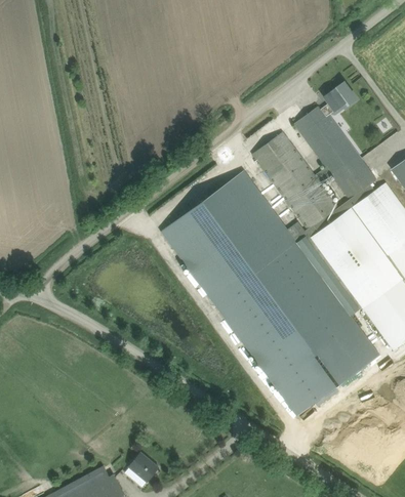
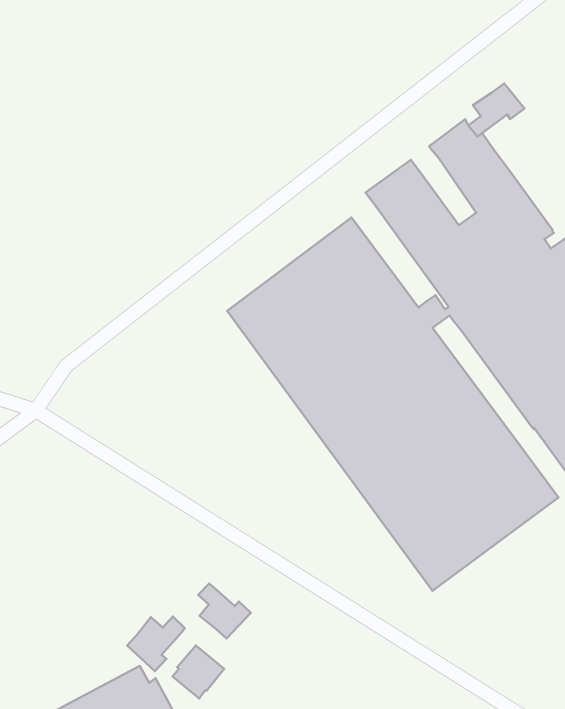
building: none -> [198,584,251,638]
building: none -> [127,616,185,671]

